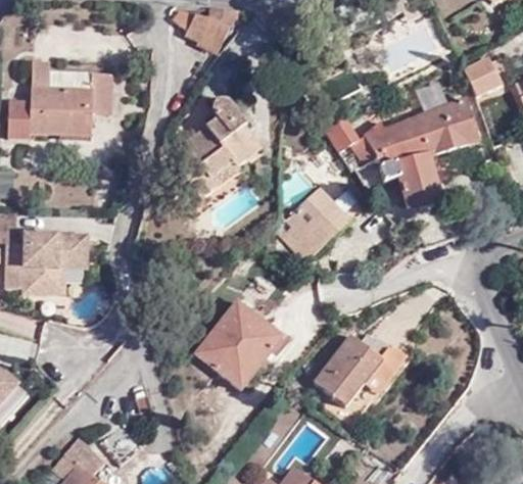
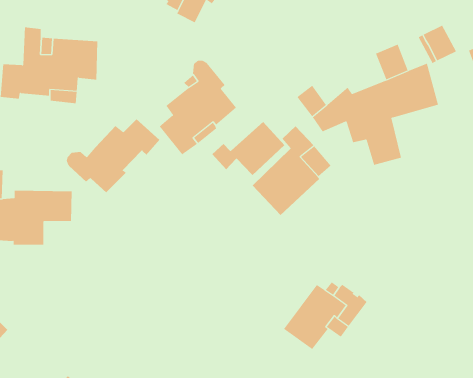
building: none -> [66,119,160,193]
building: none -> [212,121,285,176]
building: [200,303,284,384] -> none

